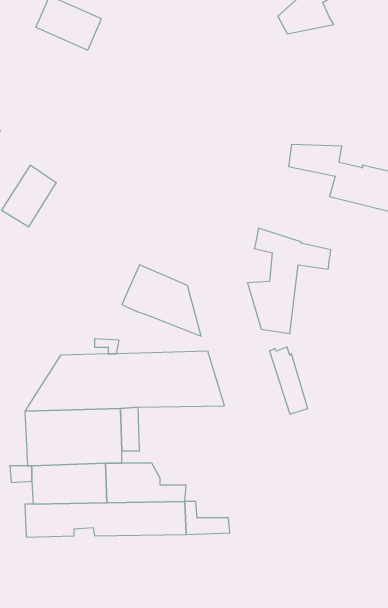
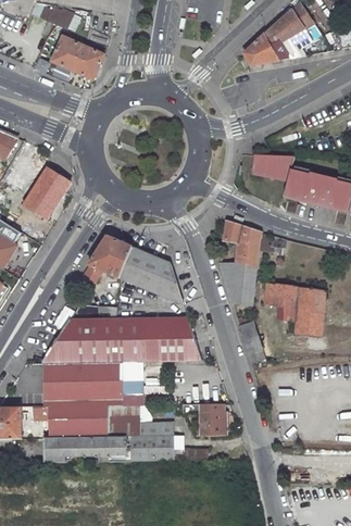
building: none -> [82,238,134,284]
building: none -> [261,283,324,336]
building: none -> [179,403,224,435]

